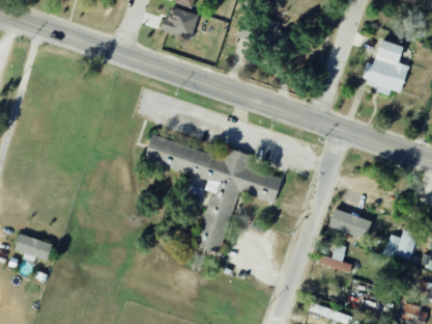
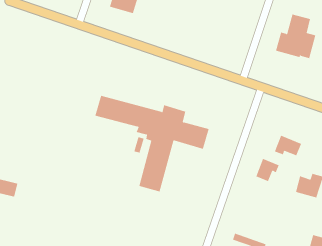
building: none -> [274,135,302,156]
building: [318,243,352,271] -> none

